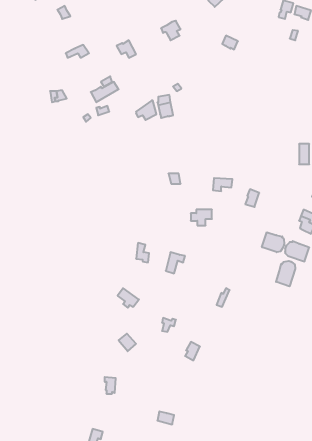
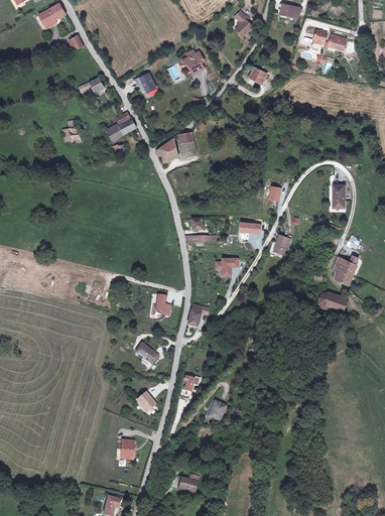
building: [262,232,284,252] -> none
building: [276,261,295,286] -> none

